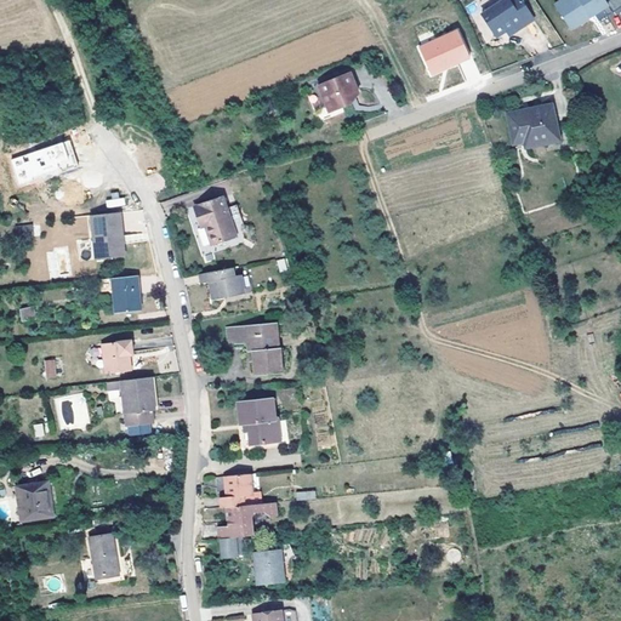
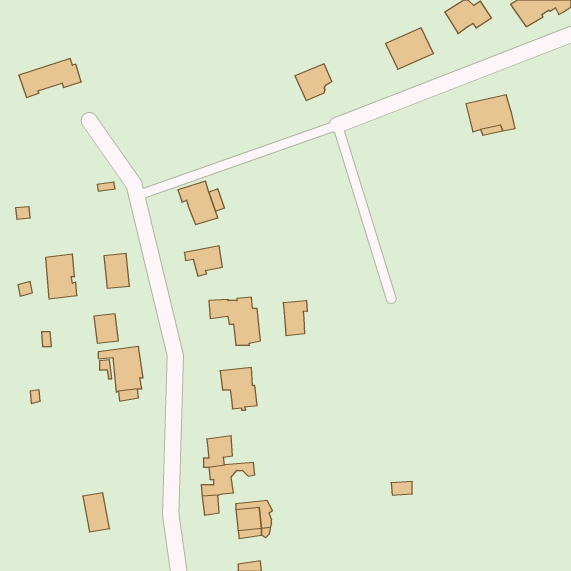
building: [8,137,76,180] -> [19,59,81,98]
building: [91,211,125,260] -> [46,254,77,299]
building: none -> [283,300,307,336]
building: [16,479,52,522] -> none

